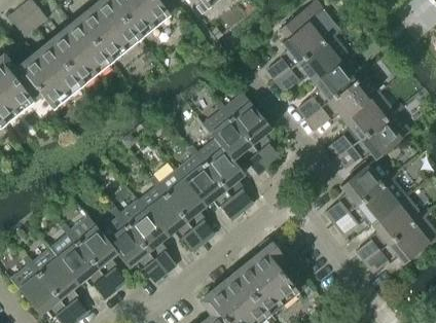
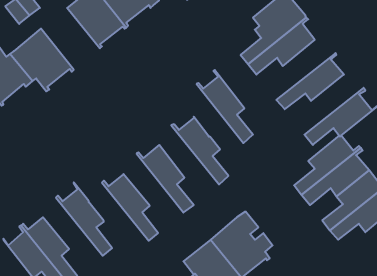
building: [47,19,112,86] -> none
building: [297,53,370,119] -> none
building: [328,92,401,157] -> none
building: [198,102,269,175] -> none
building: [177,147,243,220] -> none
building: [138,178,204,251] -> none
building: [100,210,166,283] -> none
building: [49,226,115,299] -> none

